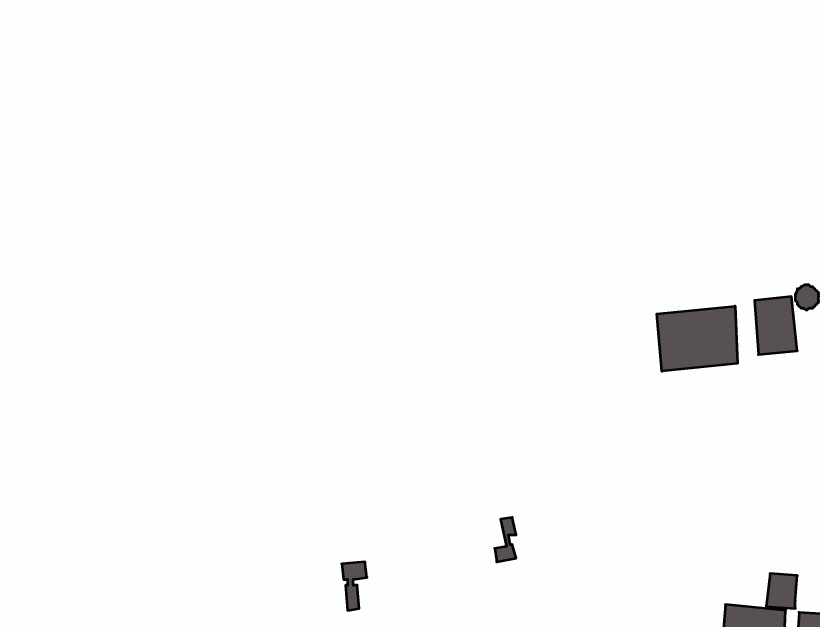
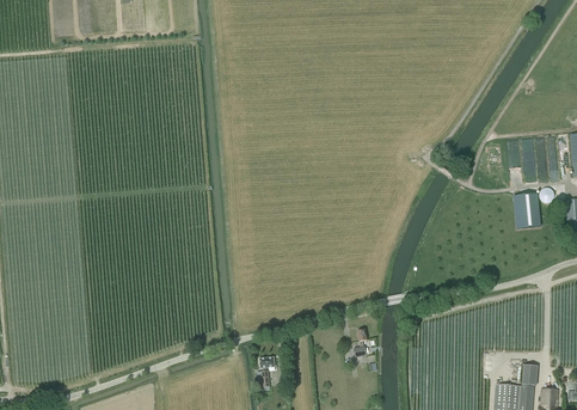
building: [657,306,737,371] -> none

